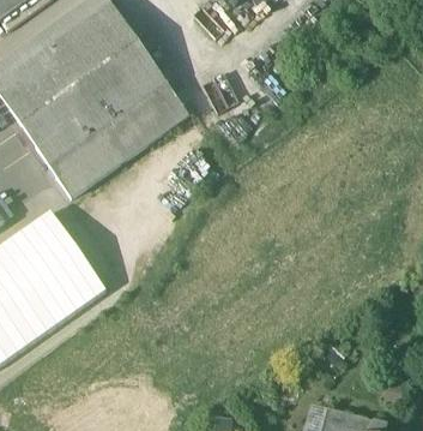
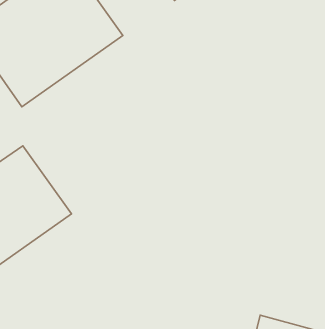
building: [47,82,188,197] -> none

